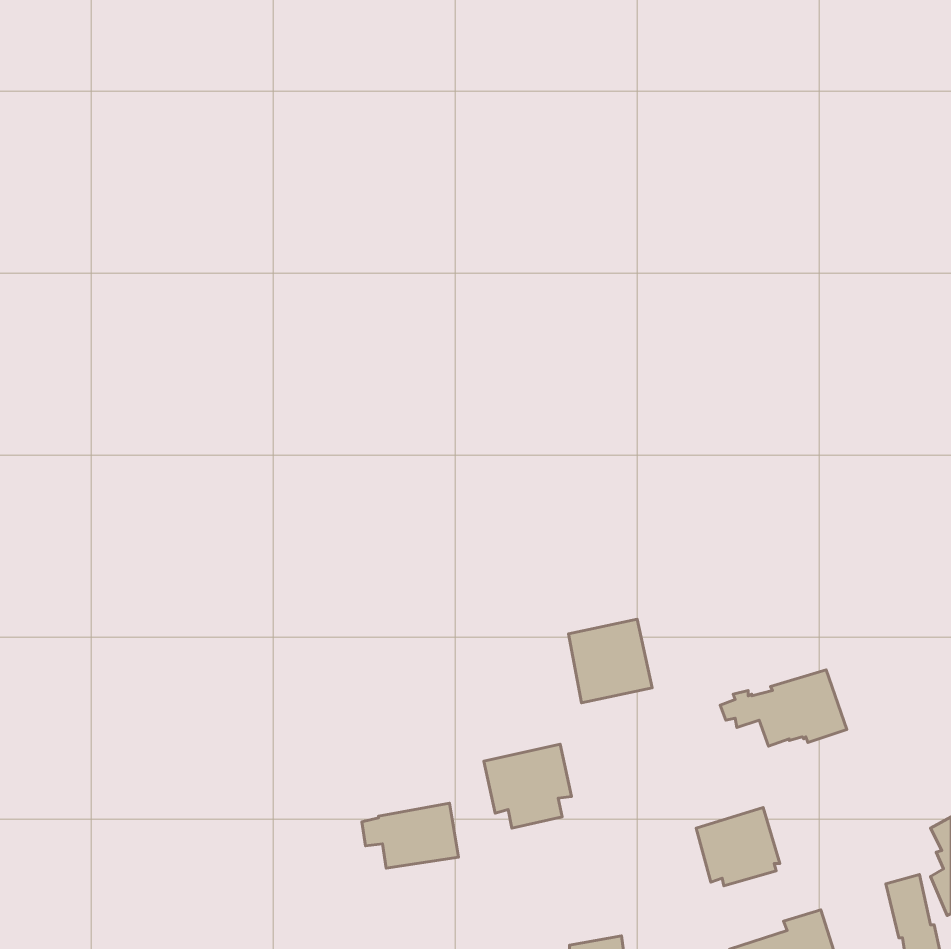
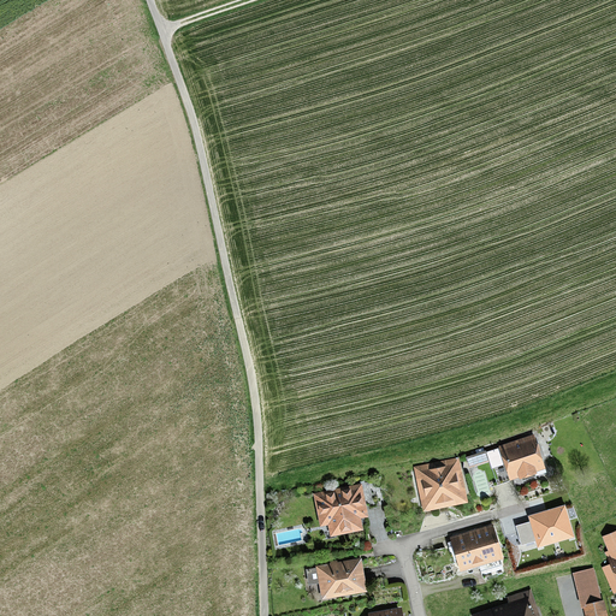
building: [568,619,652,703] -> [414,457,468,511]
building: none -> [517,502,578,551]
building: [362,803,459,868] -> [306,557,368,599]

